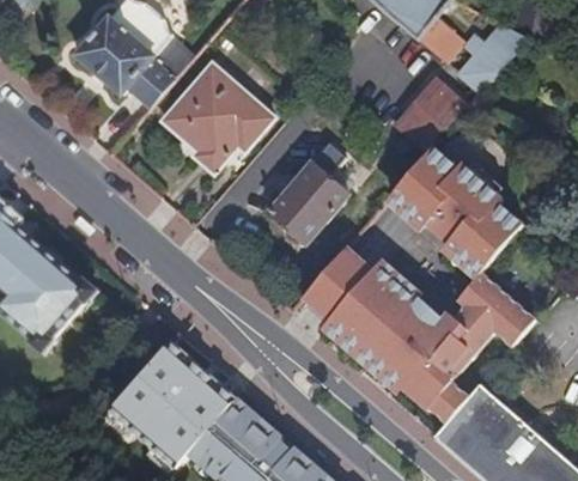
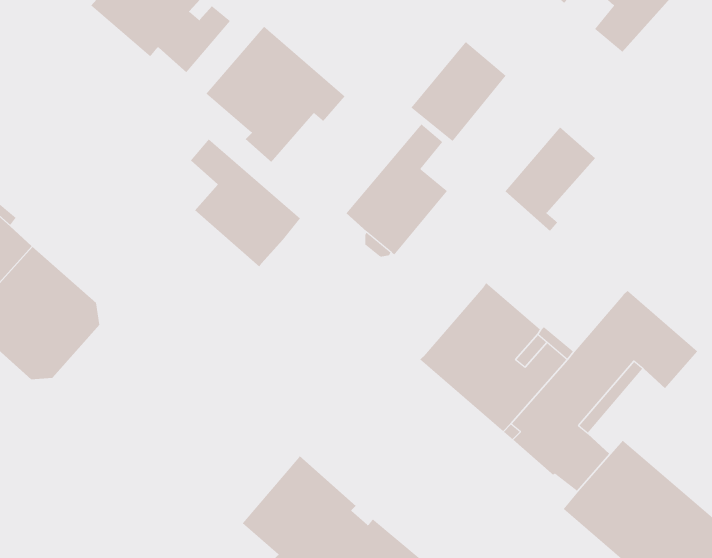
building: [394,75,467,152] -> [410,41,506,142]
building: none -> [190,139,301,268]
building: [422,165,524,275] -> none
building: [302,248,373,322] -> none
building: [110,340,233,465] -> none

